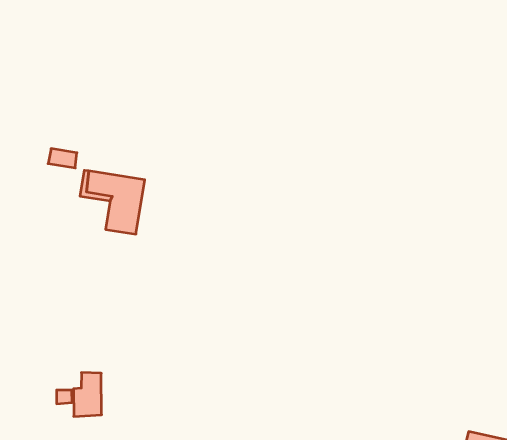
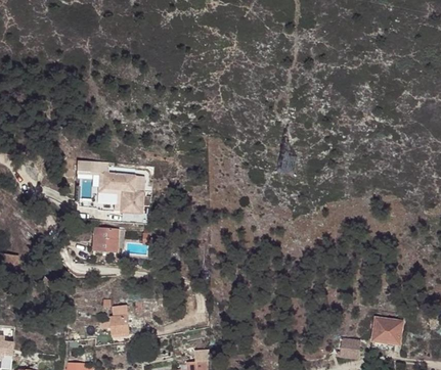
building: none -> [91,228,117,251]

